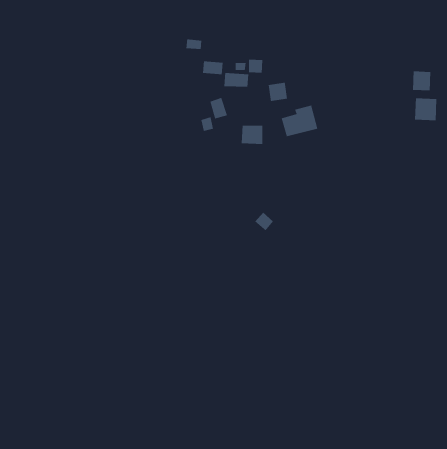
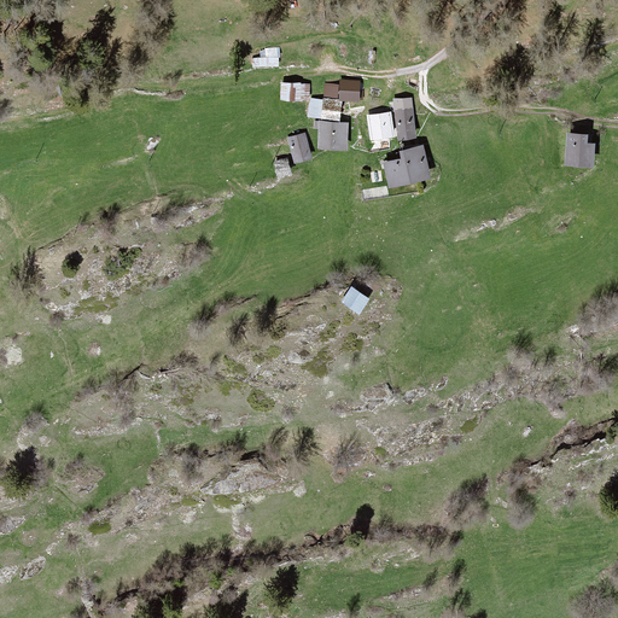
building: [412,71,431,91] -> none
building: none -> [392,99,416,139]
building: [241,125,263,145] -> [316,122,346,148]

